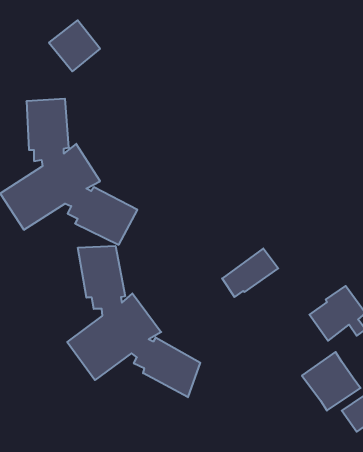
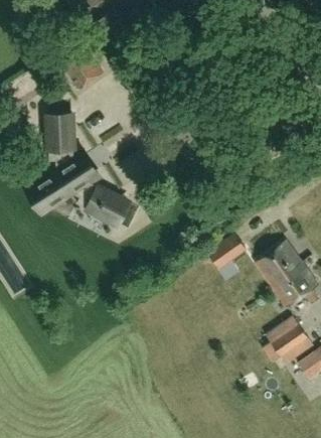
building: [67,246,200,397] -> none
building: none -> [256,240,301,285]

